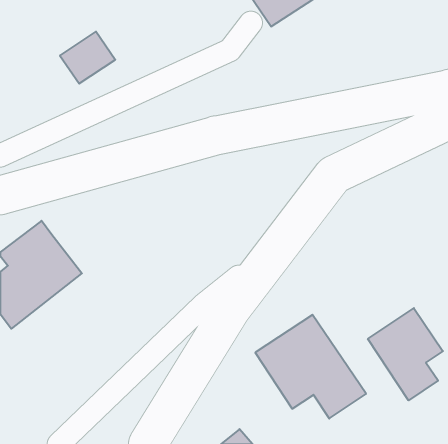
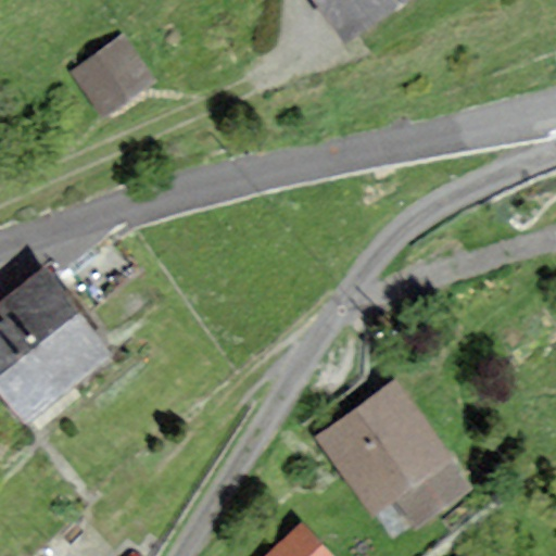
building: [368,308,443,400] -> none

